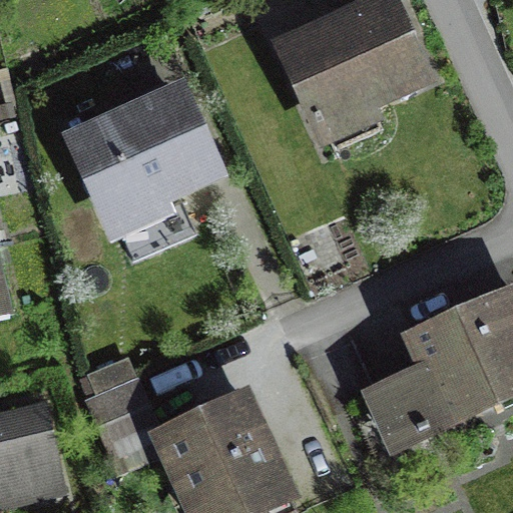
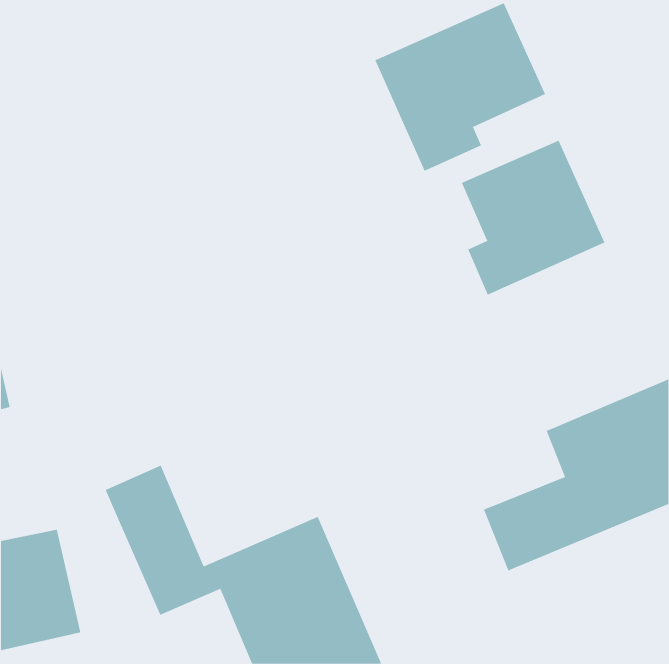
building: [70,87,211,231] -> none
building: none -> [461,140,605,295]

